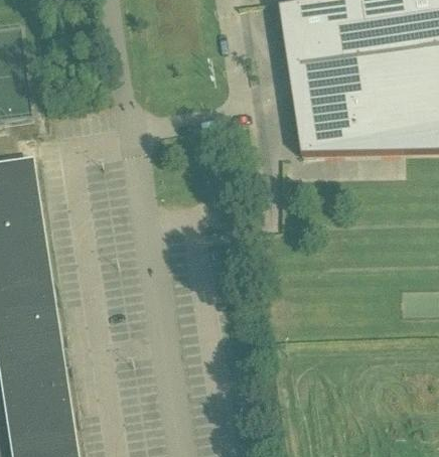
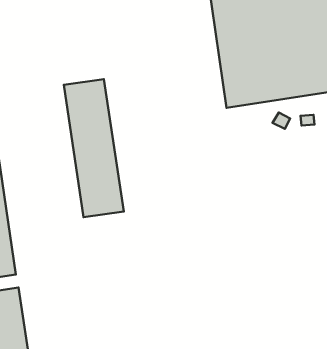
building: none -> [64,79,124,217]

